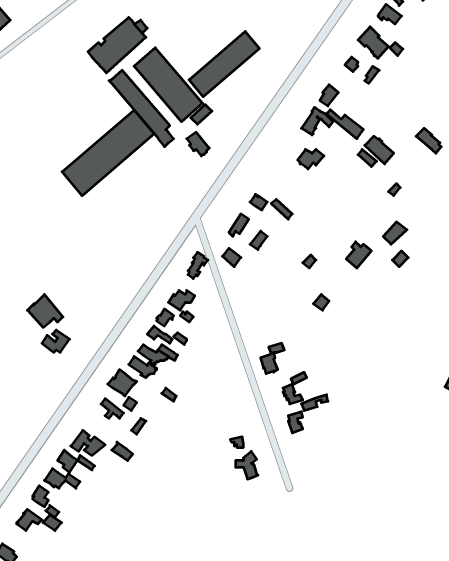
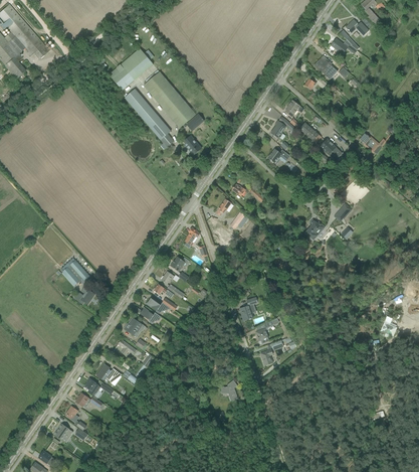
building: [189,31,259,97] -> none
building: [62,110,154,196] -> none

